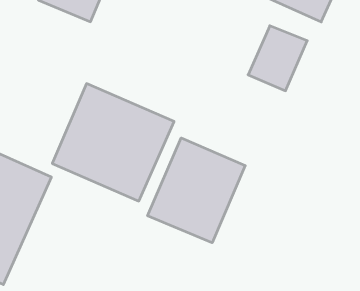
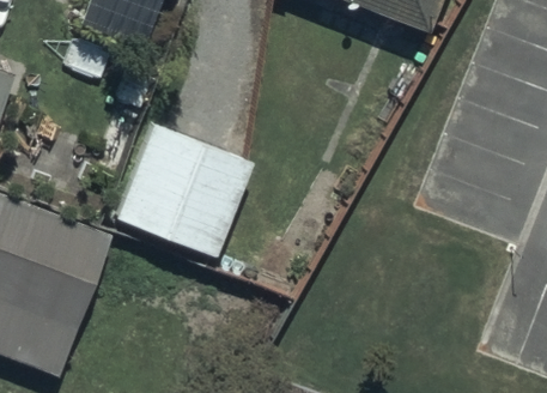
building: [148,138,245,243] -> none

